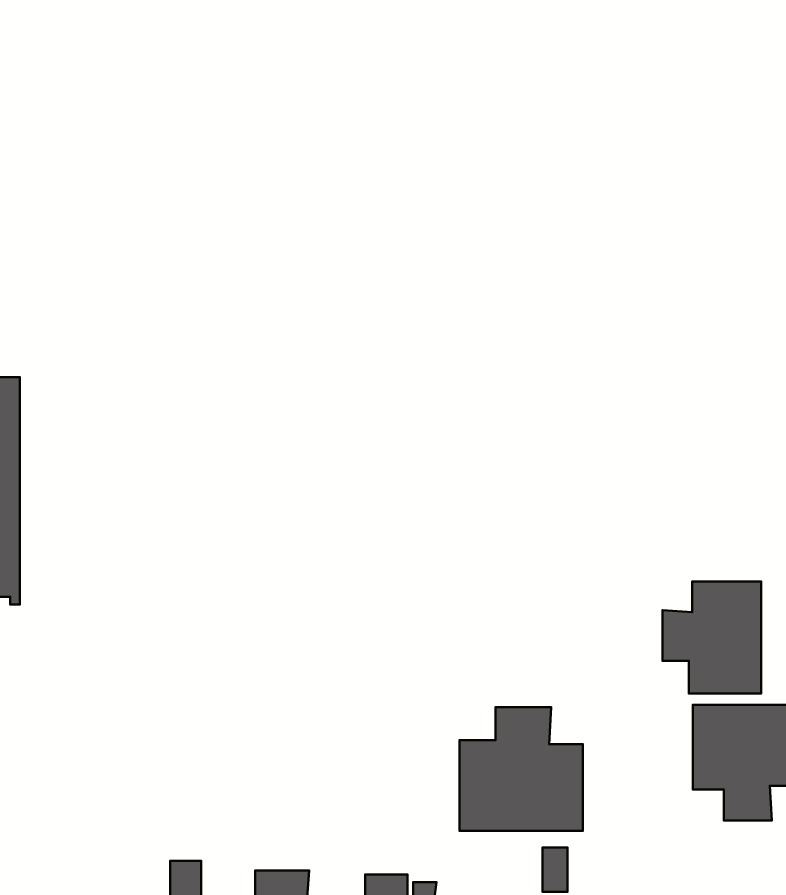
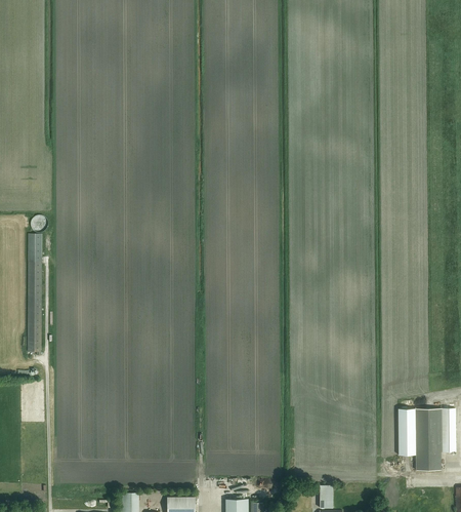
building: [662,582,761,693] -> none
building: [460,707,583,831] -> none

